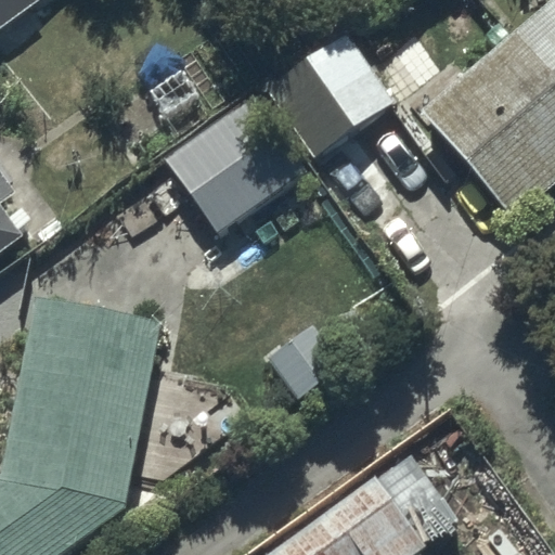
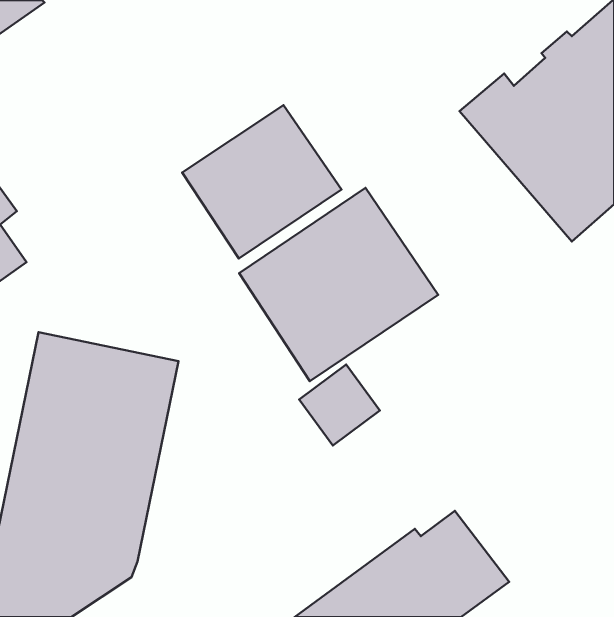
building: [270,35,392,155] -> none
building: none -> [239,188,438,381]

